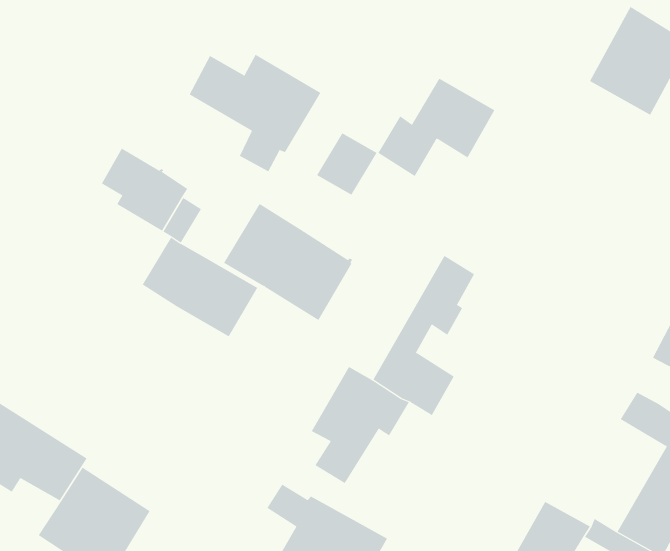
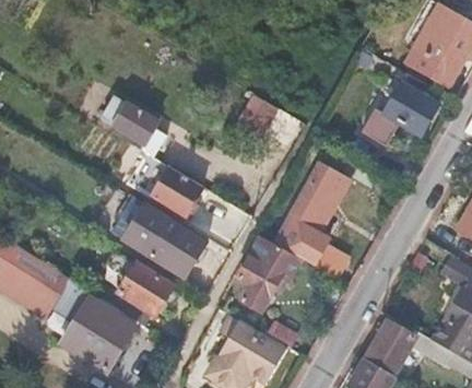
building: [189,54,321,172] -> none
building: [378,78,495,177] -> [363,83,438,146]
building: [223,203,353,321] -> [123,203,206,279]
building: none -> [113,266,173,322]

